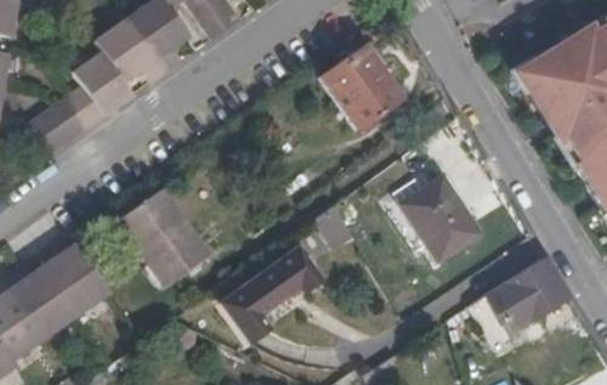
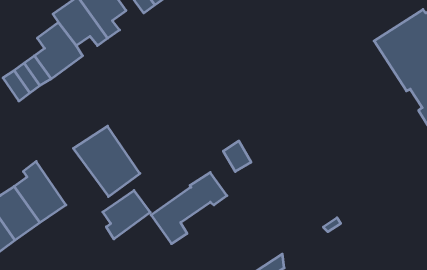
building: [322,45,403,126] -> none
building: [401,176,478,257] -> none
building: [486,255,567,338] -> none
building: none -> [103,190,150,239]

